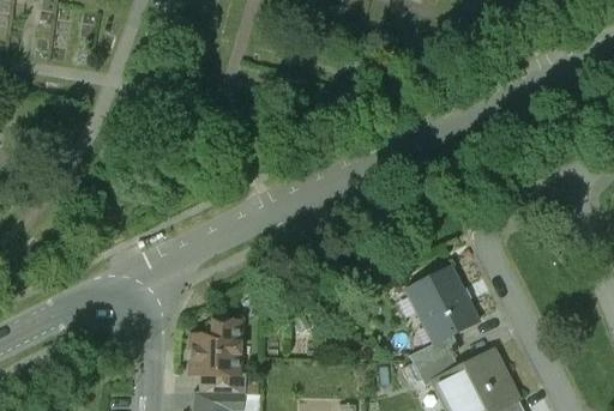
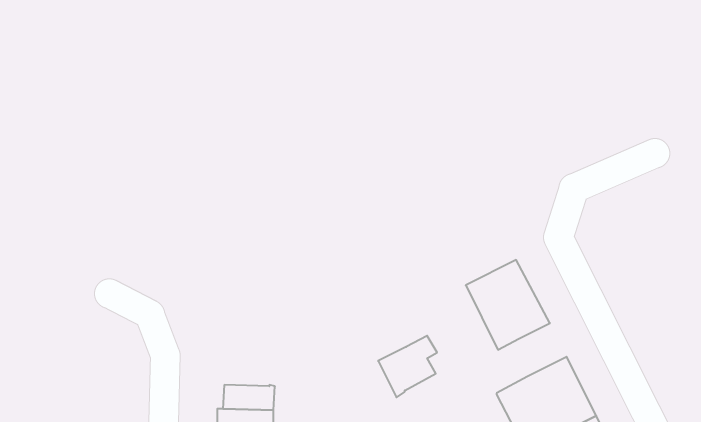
building: [191,320,240,373] -> none
building: [410,332,460,385] -> [378,336,437,397]

